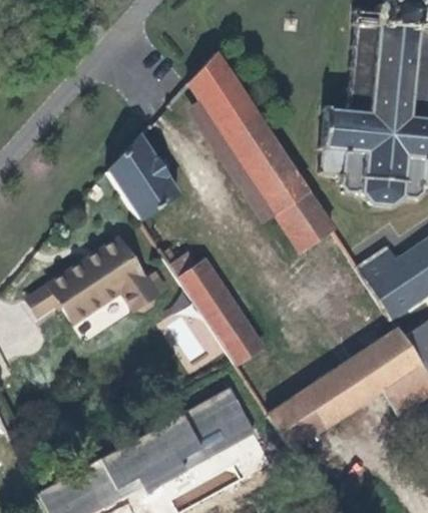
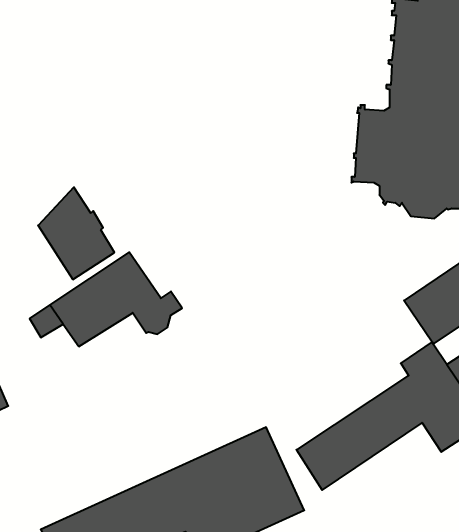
building: [189,52,332,249] -> none
building: [109,135,177,217] -> [38,187,114,279]
building: [164,248,263,363] -> none

